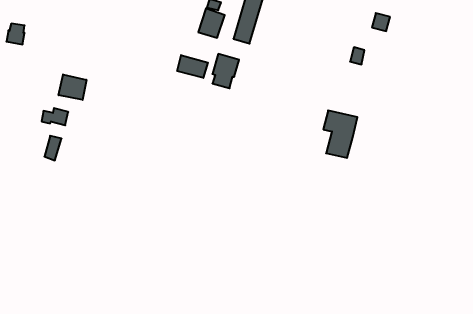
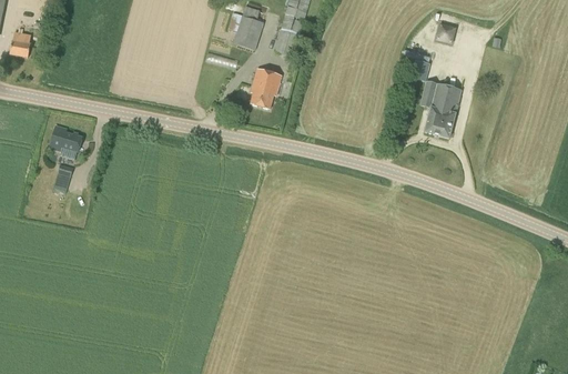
building: [177,55,208,78] -> none
building: [59,74,86,100] -> none
building: [323,110,357,158] -> [420,81,460,137]

